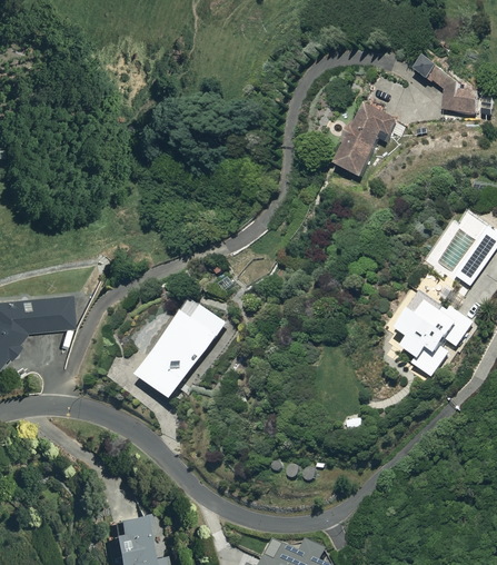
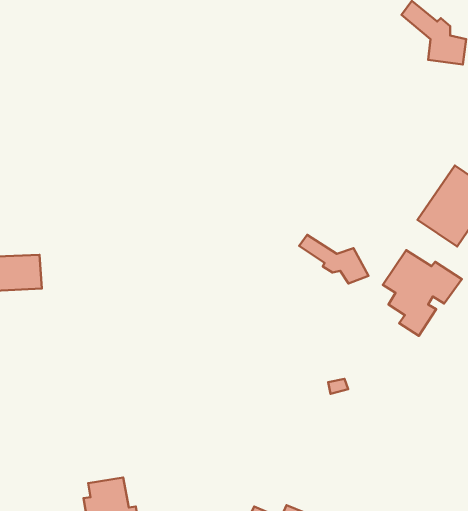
building: [334,103,396,176] -> none
building: none -> [299,235,369,283]
building: [138,306,225,398] -> none

